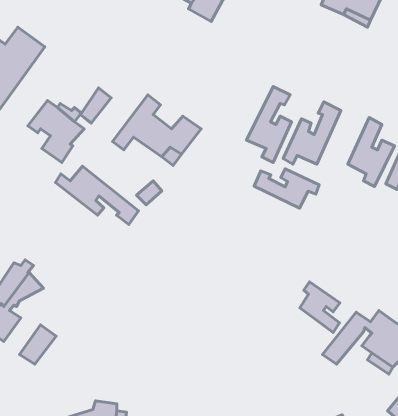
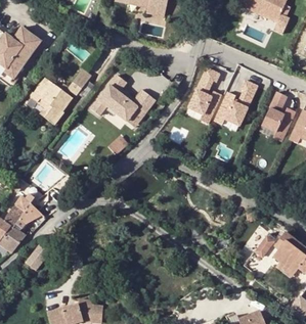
building: [56,166,139,224] -> none
building: [254,169,319,208] -> none
building: [300,282,340,332] -> none

